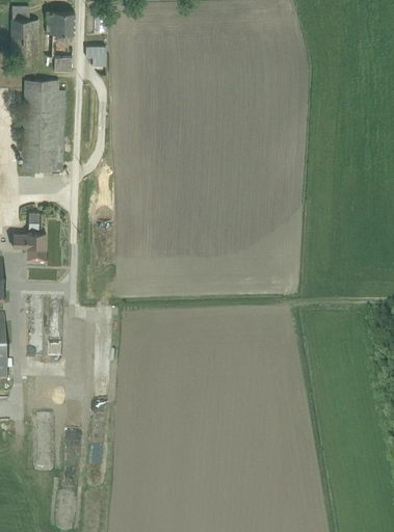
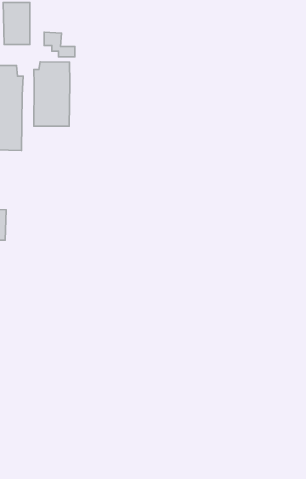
building: none -> [34,62,70,126]

